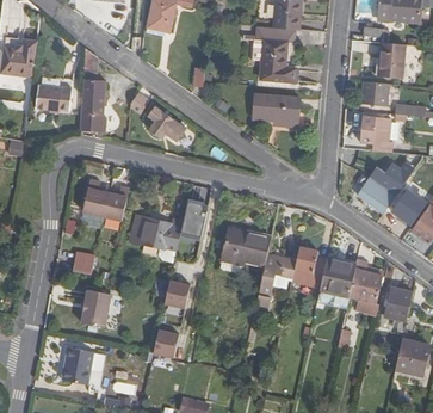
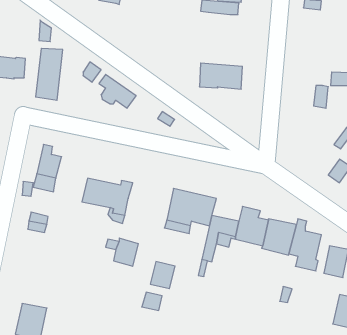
building: [260,39,296,81] -> none
building: [378,42,404,76] -> none
building: [361,80,388,105] -> none
building: [360,115,395,152] -> none
building: [358,177,398,212] -> none
building: [103,185,129,218] -> none
building: [180,201,206,236] -> none
building: [81,289,111,326] -> none
building: [151,328,178,357] -> [150,262,175,289]

